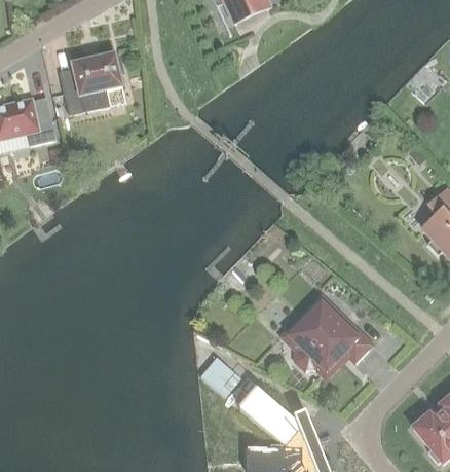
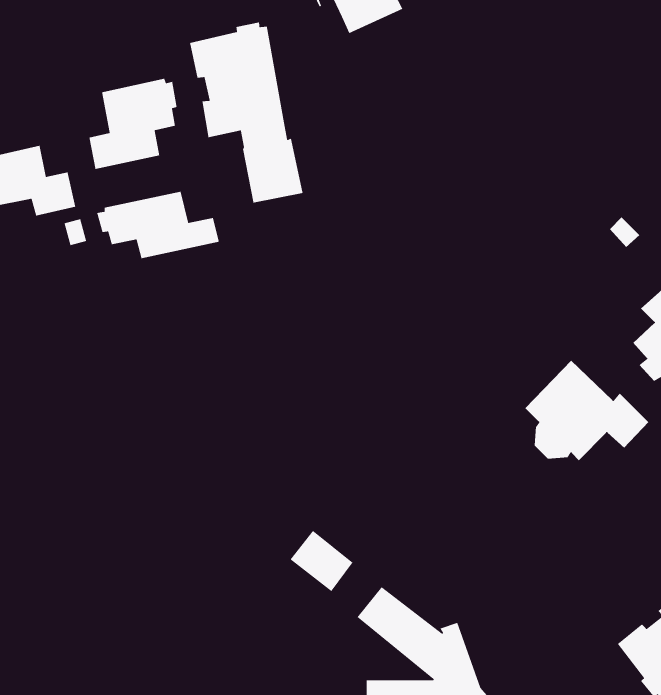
building: none -> [189,22,303,203]
building: none -> [96,191,220,259]
building: [289,302,371,369] -> [524,360,649,461]

